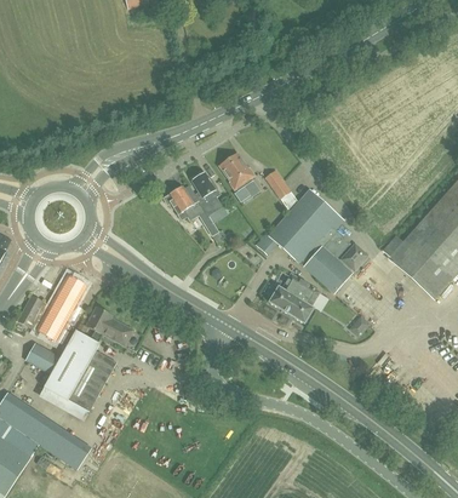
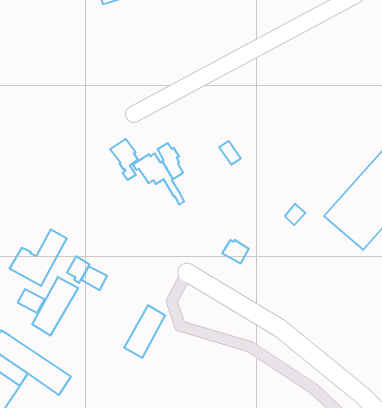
building: [218,153,251,201] -> [110,139,138,180]
building: [256,189,351,293] -> none
building: [282,273,319,322] -> none
building: [67,349,115,411] -> [124,305,165,358]

